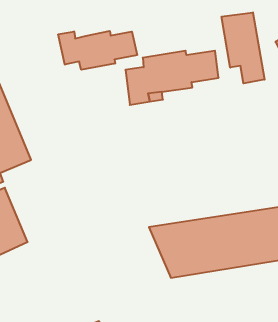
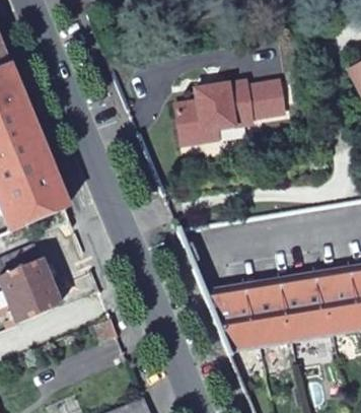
building: [222,12,265,83] -> none
building: [58,31,137,70] -> none

